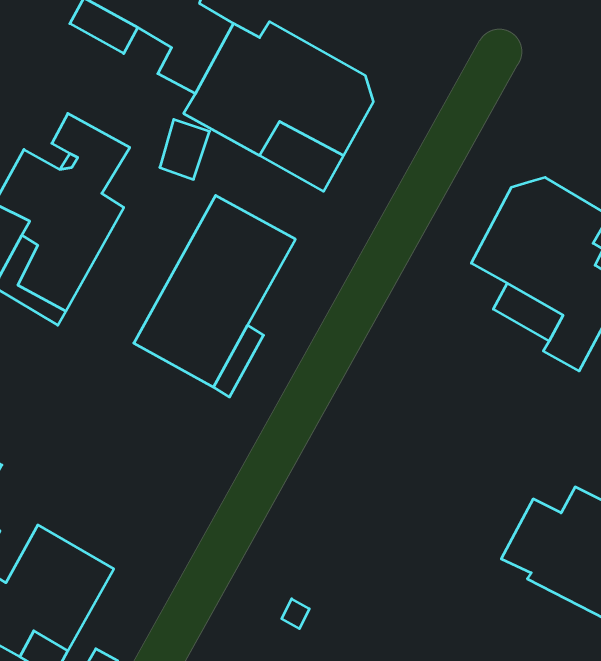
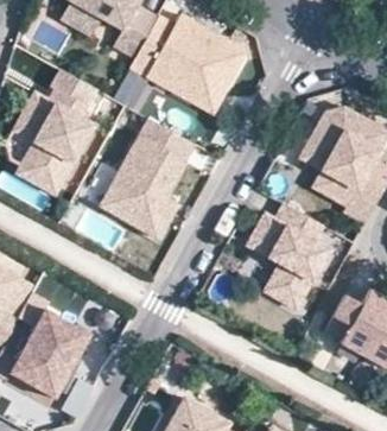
building: none -> [248,203,330,309]

